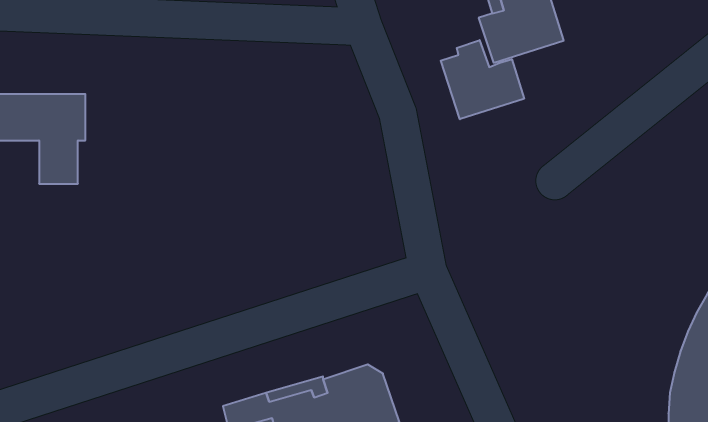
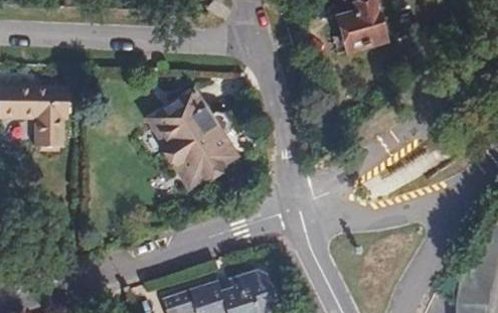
building: [441,40,524,119] -> none
building: none -> [145,90,234,188]

